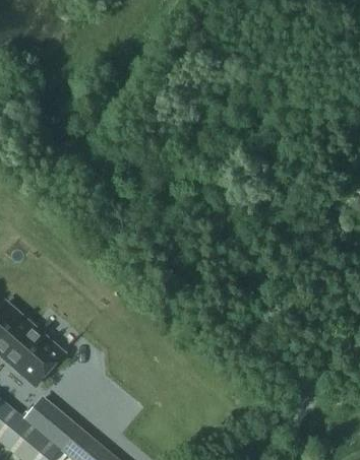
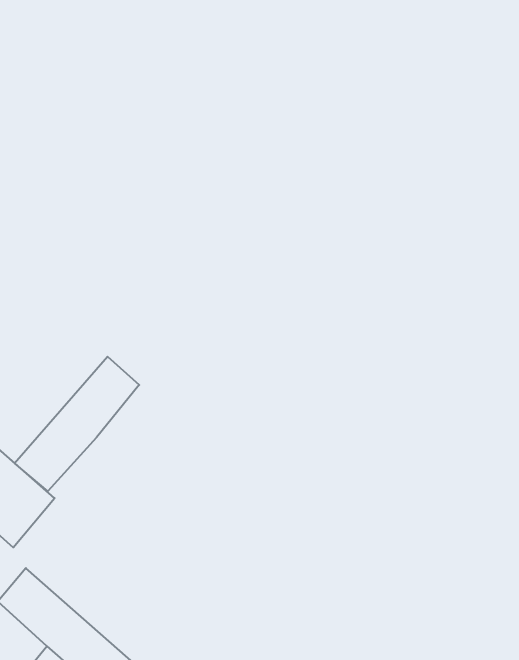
building: none -> [15,357,139,491]

